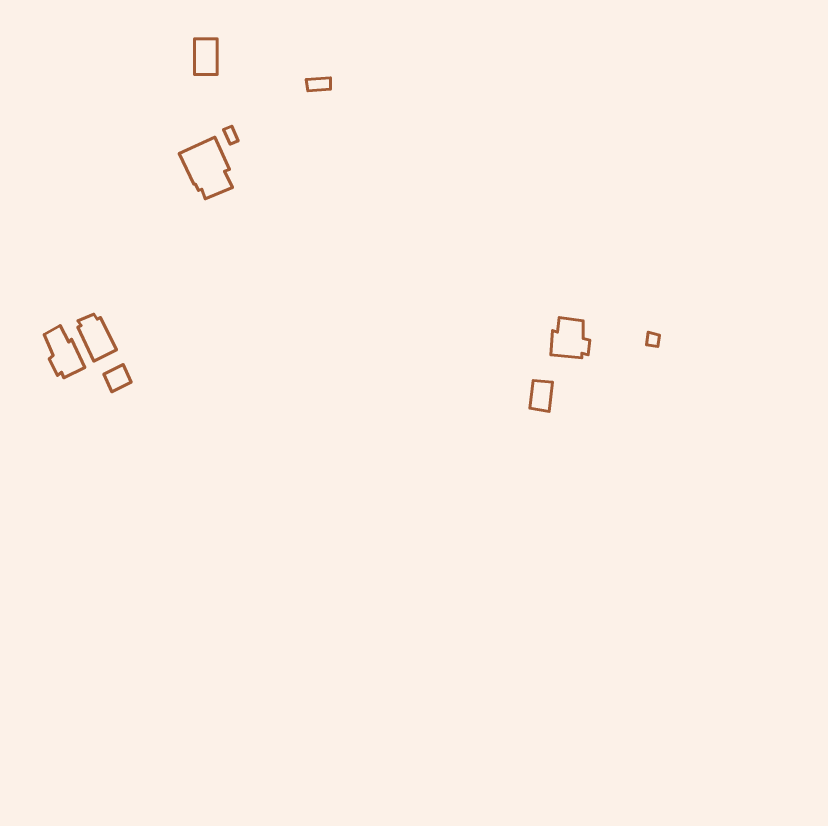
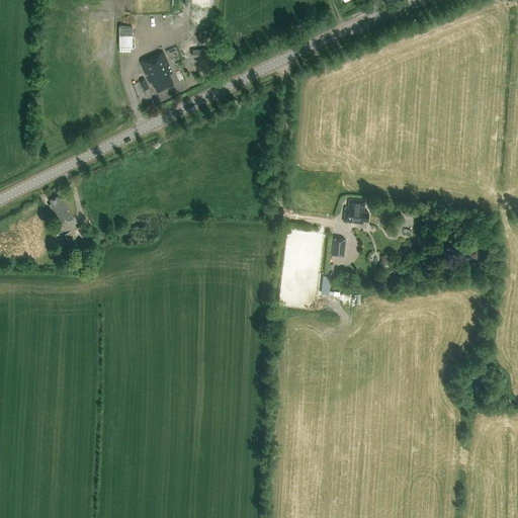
building: [179,137,233,199] -> [141,54,174,92]
building: [44,325,85,378] -> none

